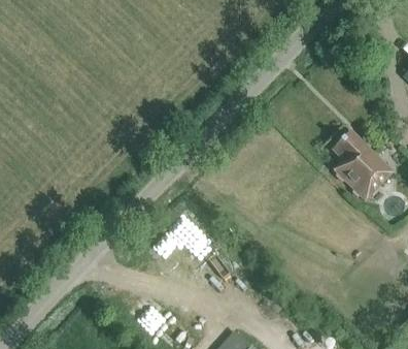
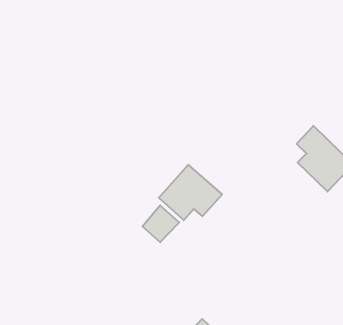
building: none -> [159,165,222,220]

